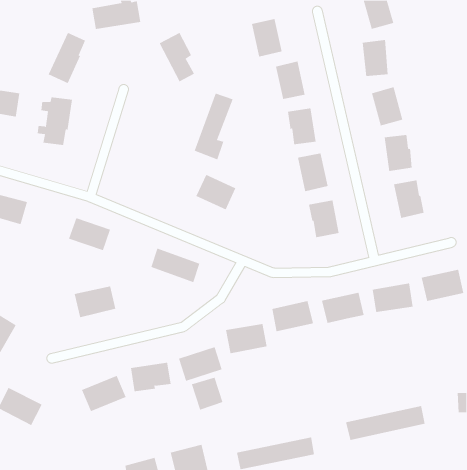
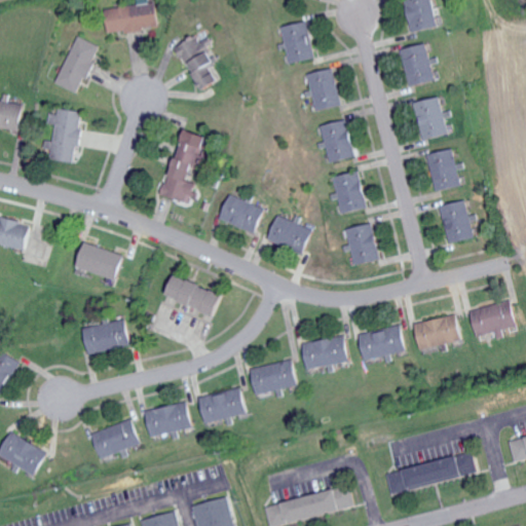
building: [194,93,233,160] -> [160,129,204,204]
building: none -> [266,216,310,254]
building: [191,377,223,410] -> none

